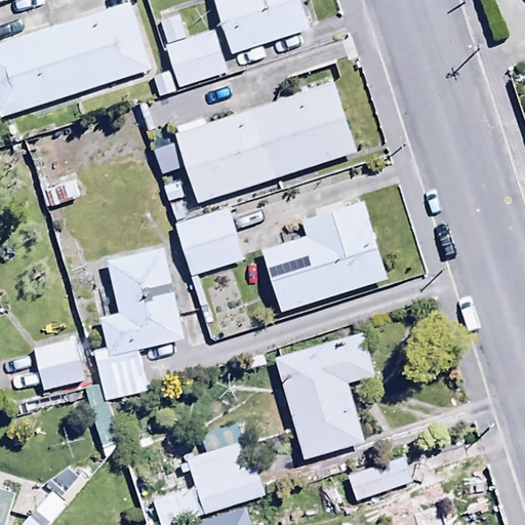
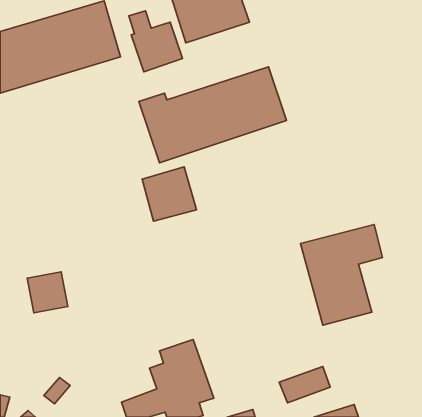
building: [262,200,388,311] -> none
building: [95,247,183,401] -> none
building: [275,333,376,458] -> [301,224,382,325]

